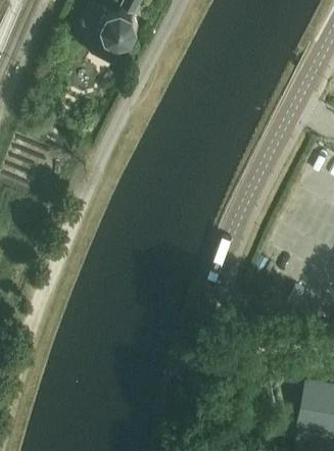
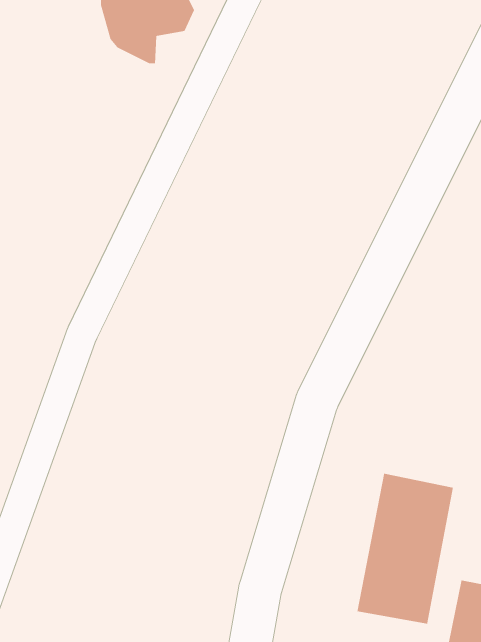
building: none -> [357,473,454,625]

